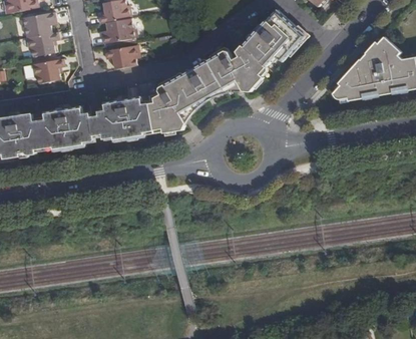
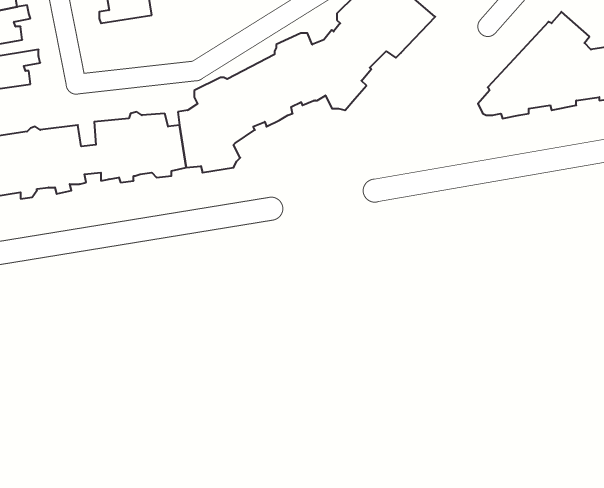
building: [103,45,137,69] -> none

